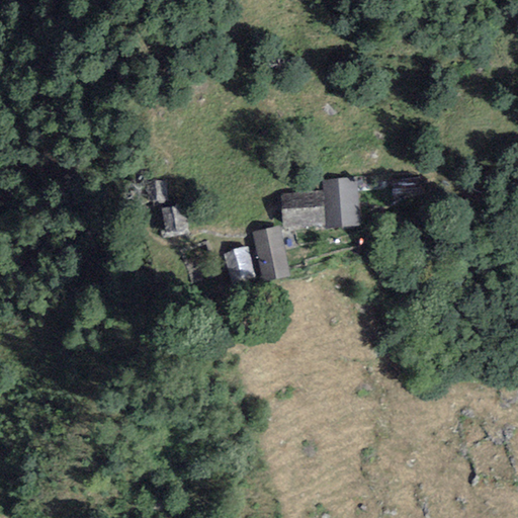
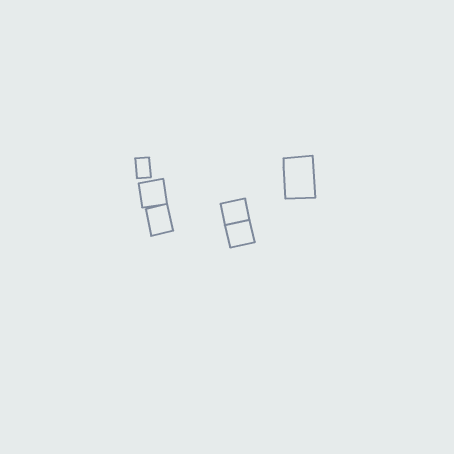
building: [281,190,325,229] -> none
building: [225,246,256,282] -> [146,204,173,236]

